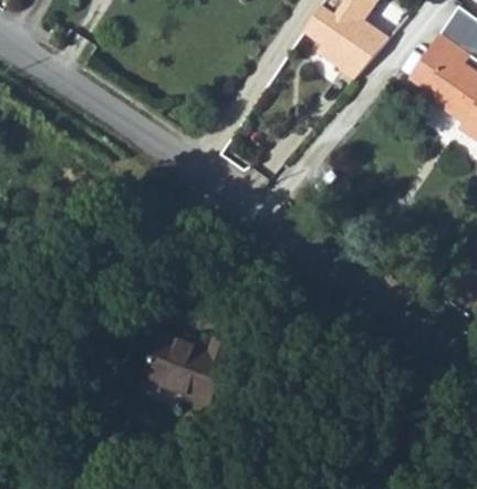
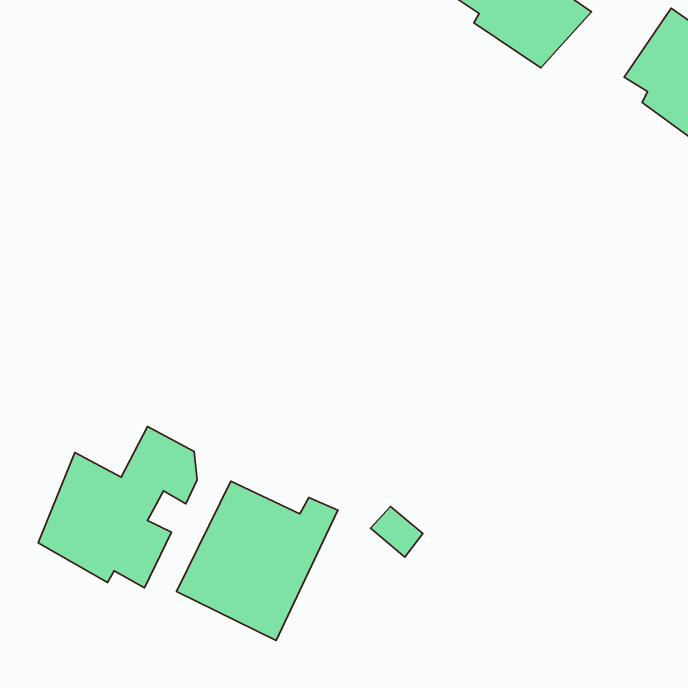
building: none -> [38,427,197,588]

